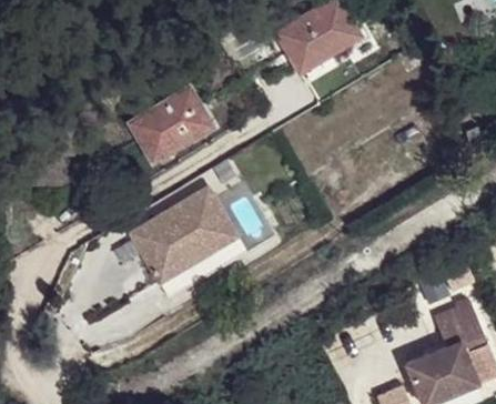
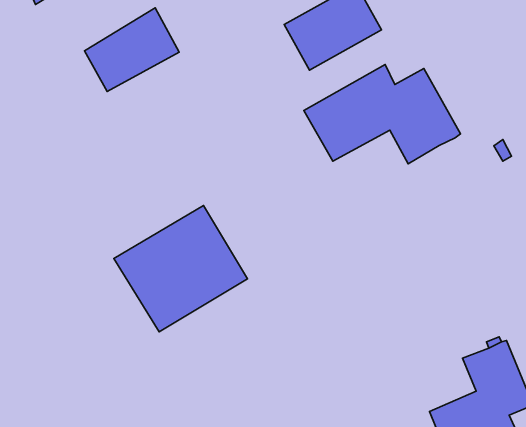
building: none -> [304,64,461,164]
building: [125,81,209,154] -> [85,8,179,91]

